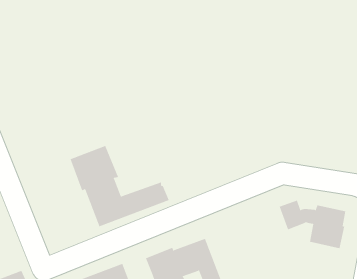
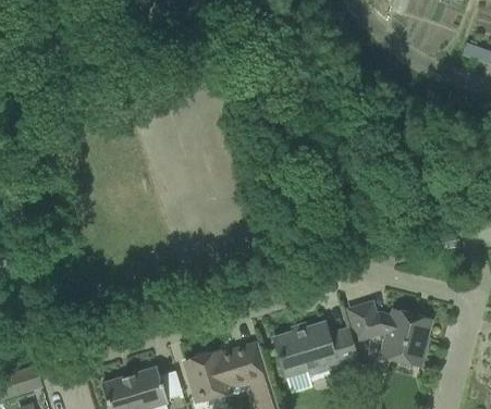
building: [70,145,169,227] -> none
building: none -> [273,322,357,383]

